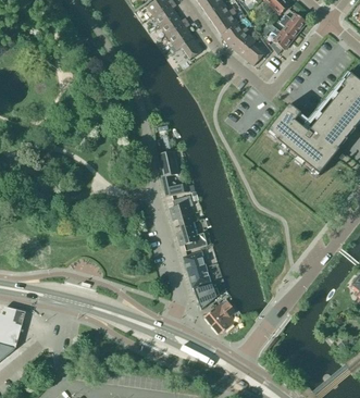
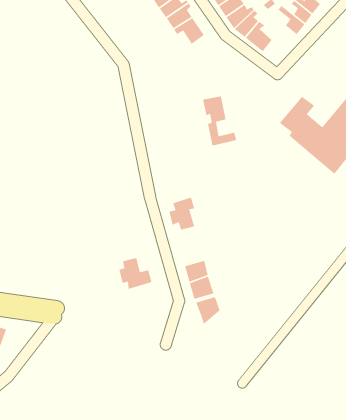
building: [157,151,188,197] -> [202,96,237,147]
building: [176,222,207,251] -> [119,257,152,290]
building: [203,299,235,335] -> none

